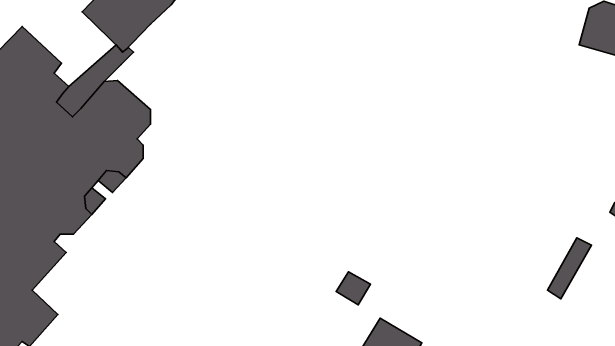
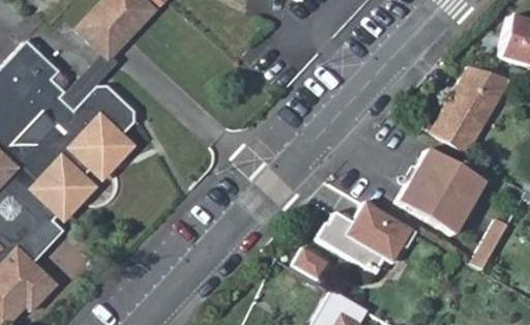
building: none -> [431,65,511,154]
building: none -> [398,149,484,235]
building: none -> [317,202,418,275]

